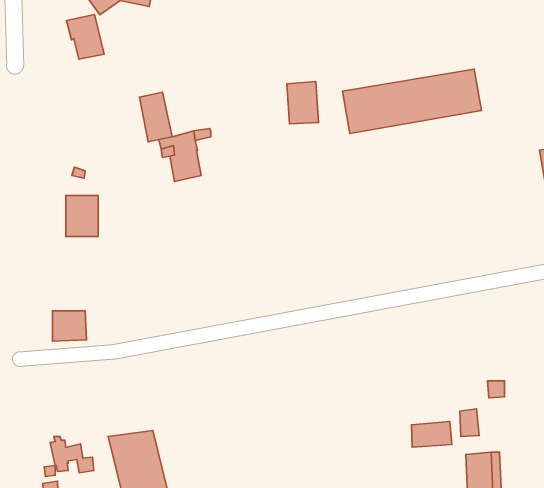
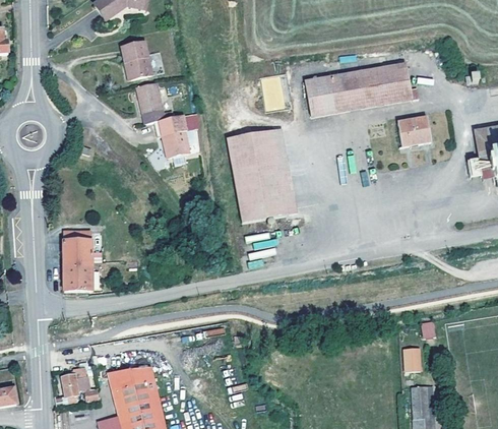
building: [67,14,104,59] -> [120,41,151,78]
building: none -> [399,117,434,144]
building: none -> [231,130,290,223]
building: [66,195,98,237] -> [63,231,90,265]
building: [411,421,452,447] -> none

